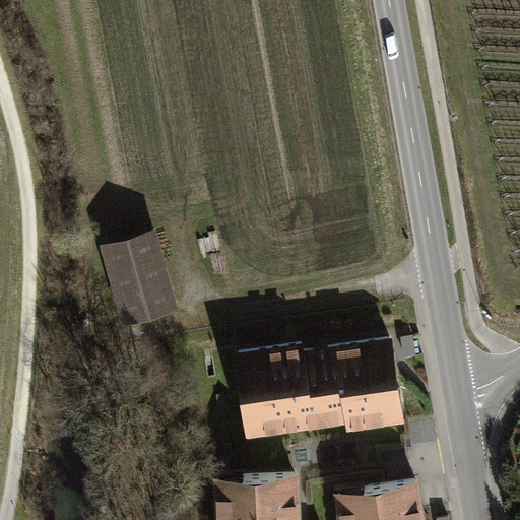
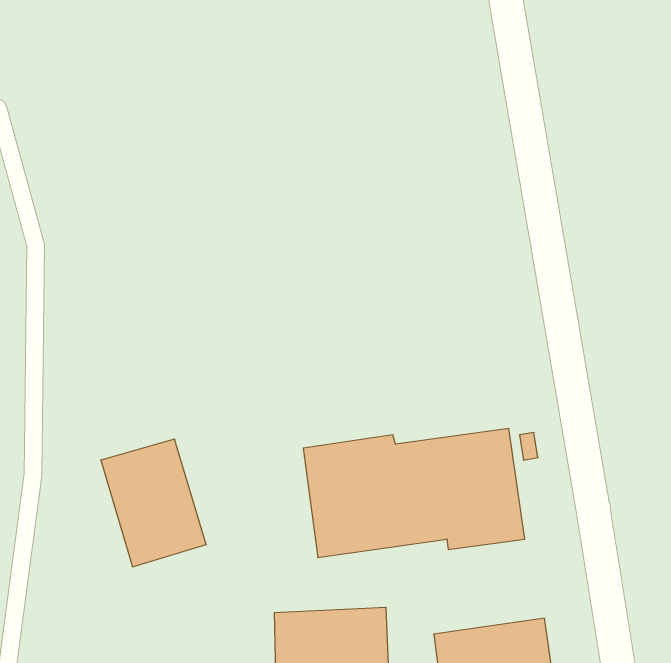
building: [98,231,179,329] -> [101,439,206,567]

